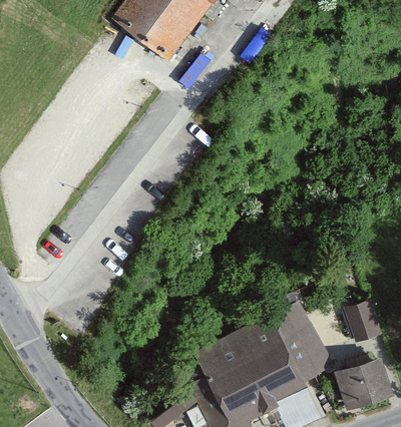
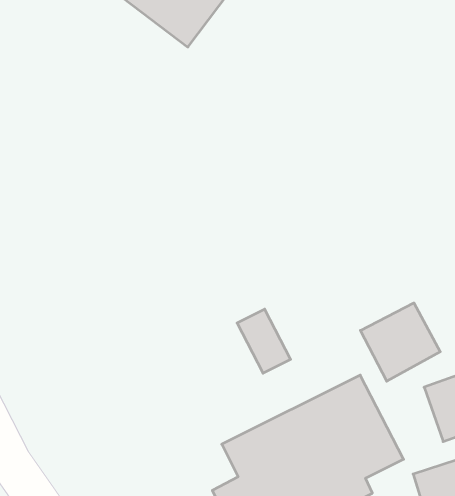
building: none -> [360,303,440,381]
building: none -> [237,309,291,373]

